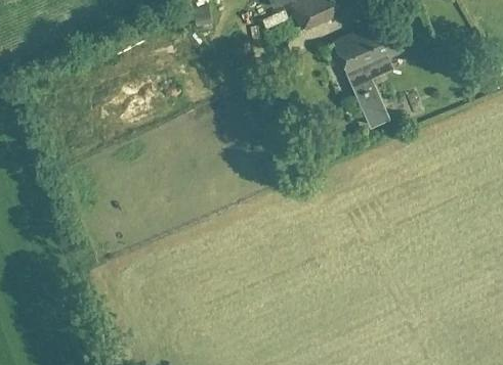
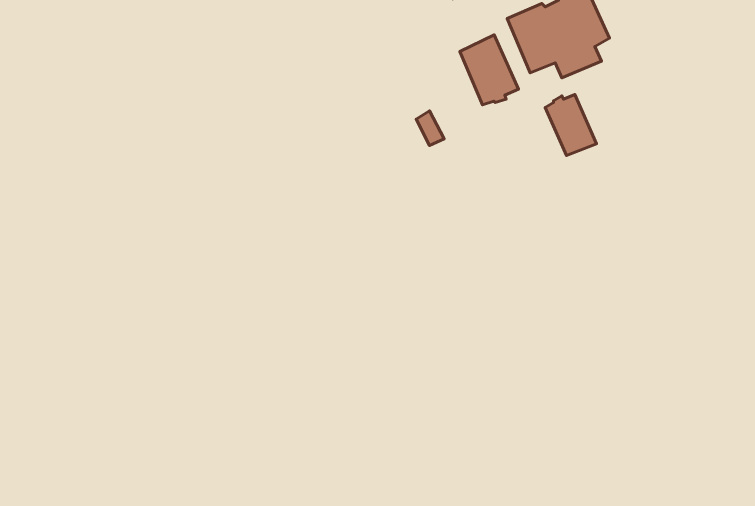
building: none -> [460,35,518,105]

